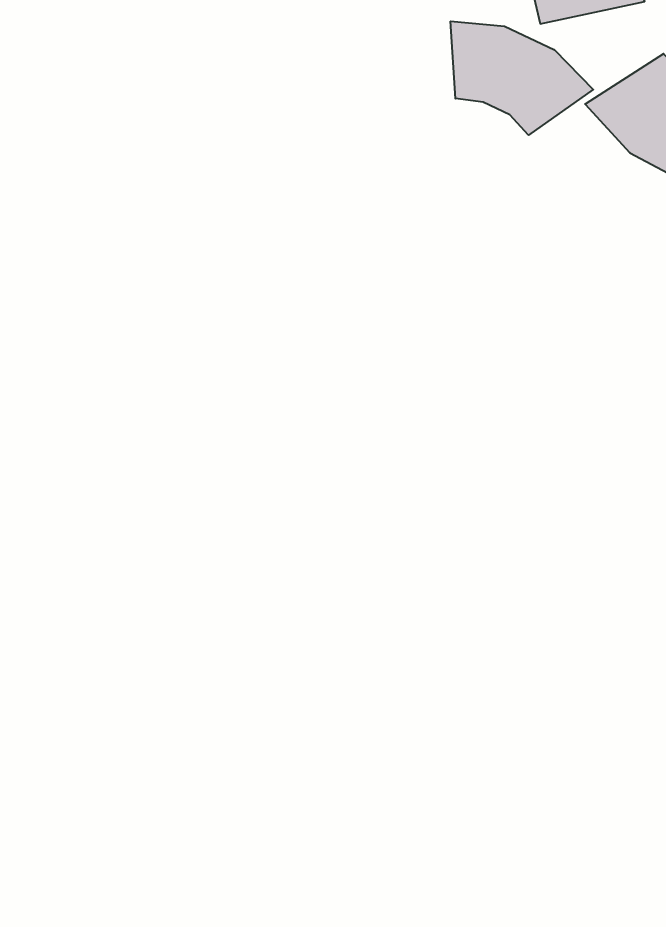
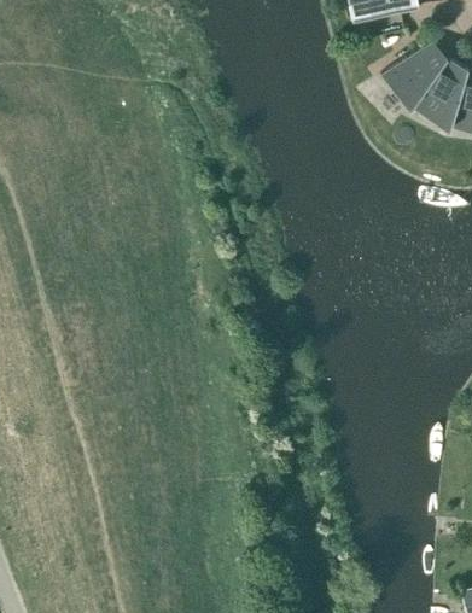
building: [451,21,593,135] -> none

